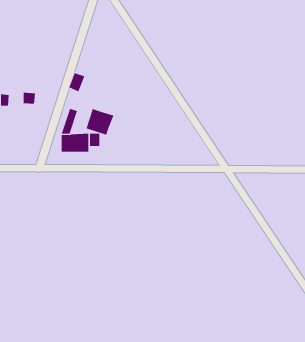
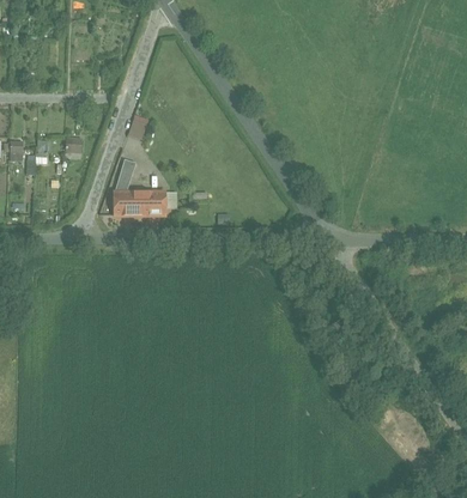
building: [86,108,114,135] -> none

